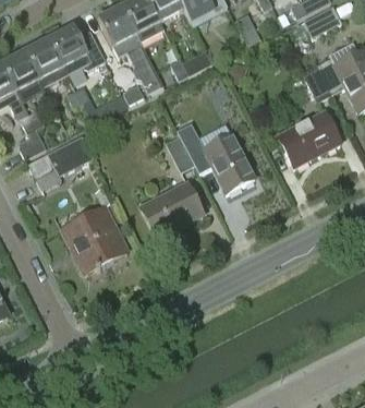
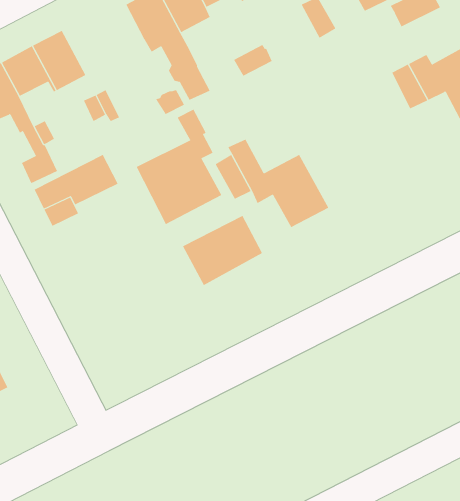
building: [49,26,105,73] -> none
building: [278,111,340,166] -> none
building: [62,184,129,274] -> [136,109,222,225]

